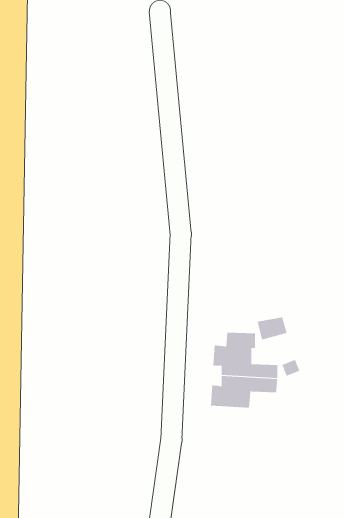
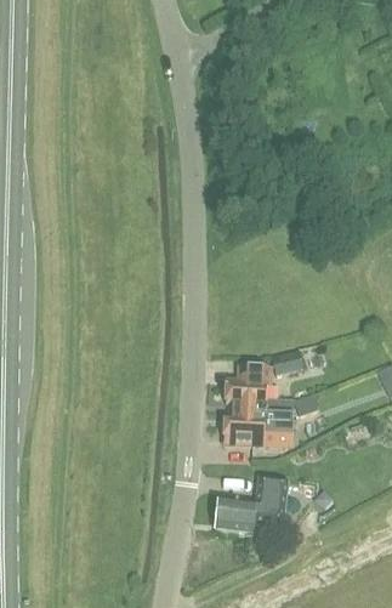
building: none -> [214,477,288,533]

